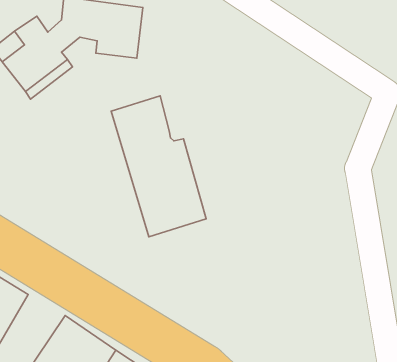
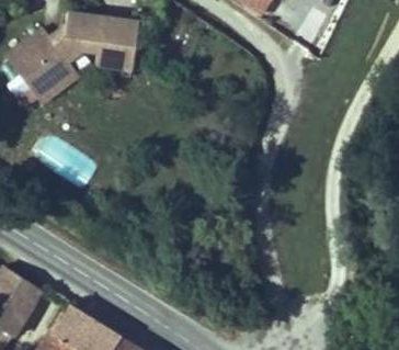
building: [111,96,206,237] -> none

